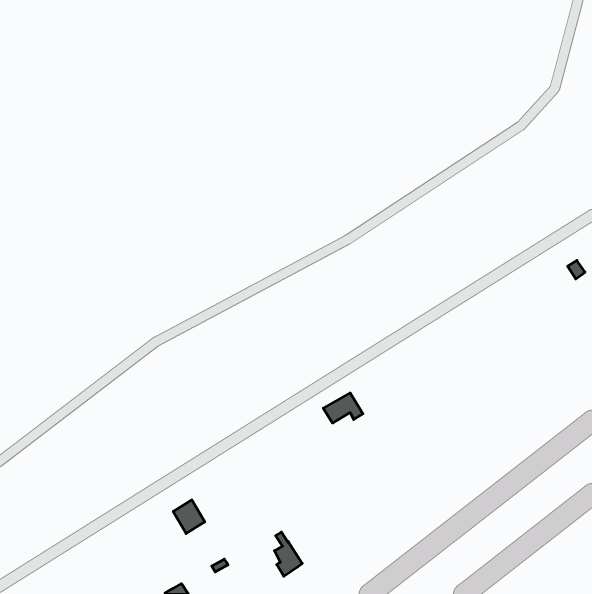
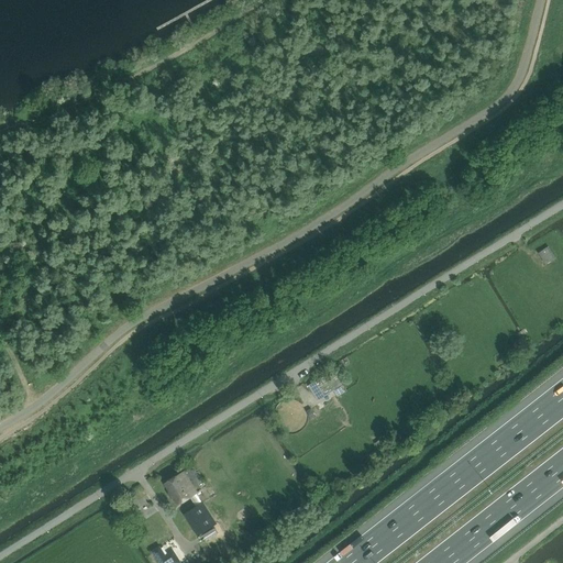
building: [274,532,302,576] -> [187,494,213,536]

